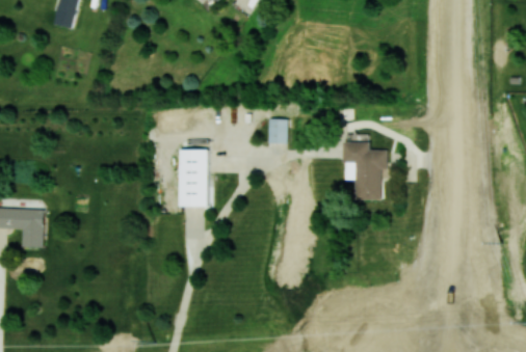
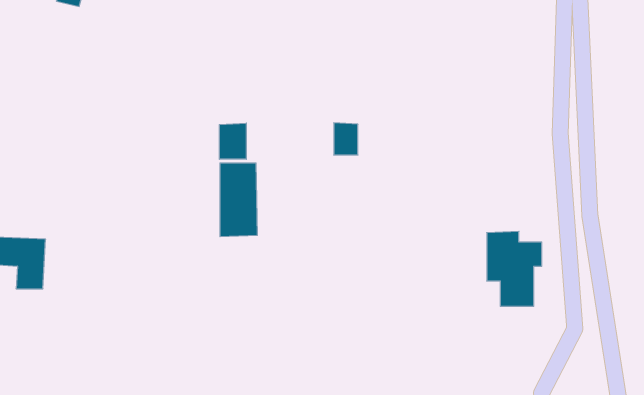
building: none -> [219,123,246,159]
building: [344,141,387,199] -> [487,231,542,306]

